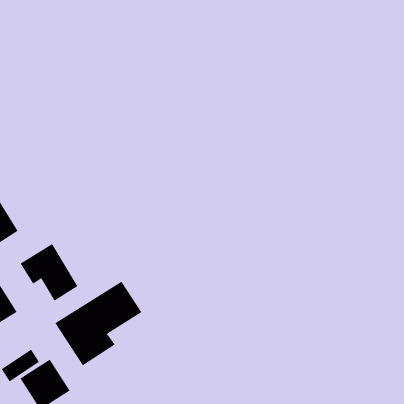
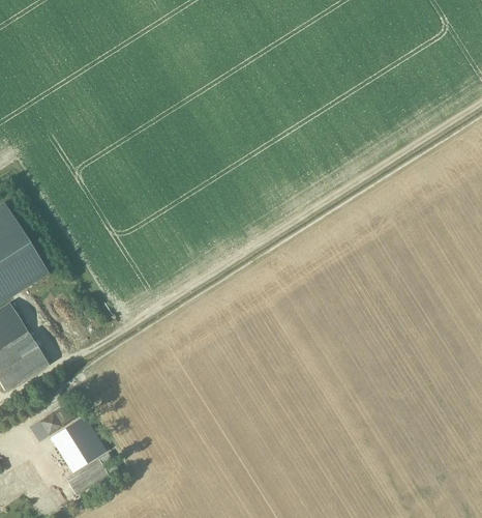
building: [20,243,78,301] -> none
building: [55,281,142,366] -> none

